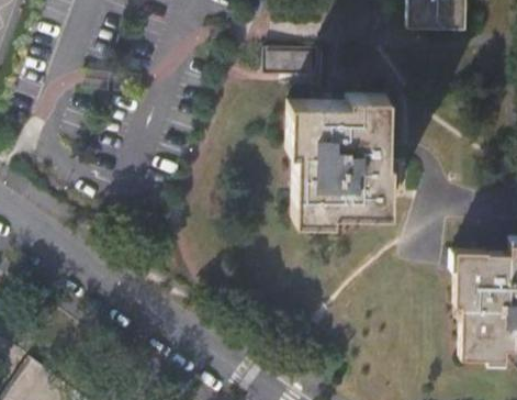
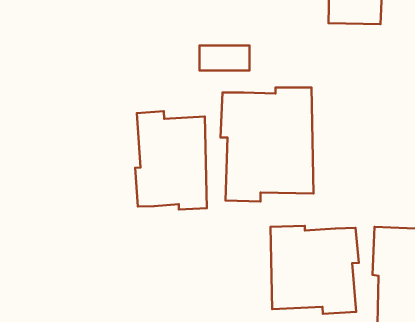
building: none -> [135,111,207,209]
building: none -> [270,226,359,314]

